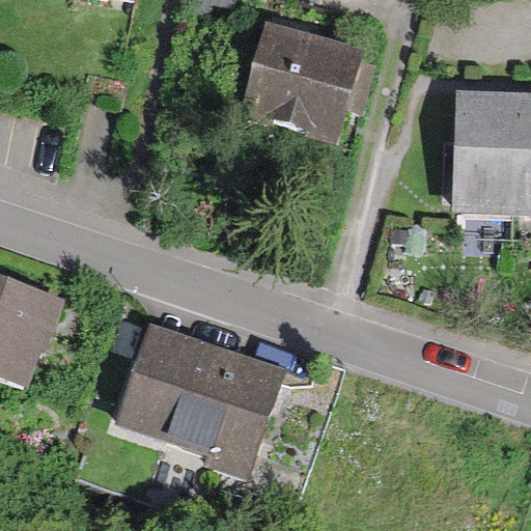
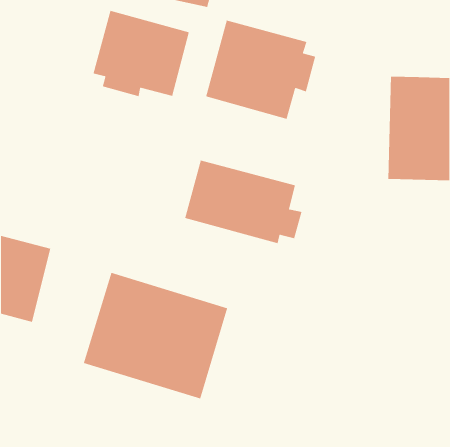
building: none -> [92,10,190,97]
building: none -> [184,159,302,244]

